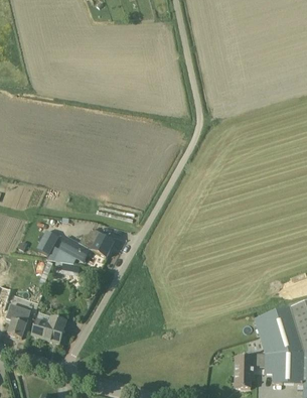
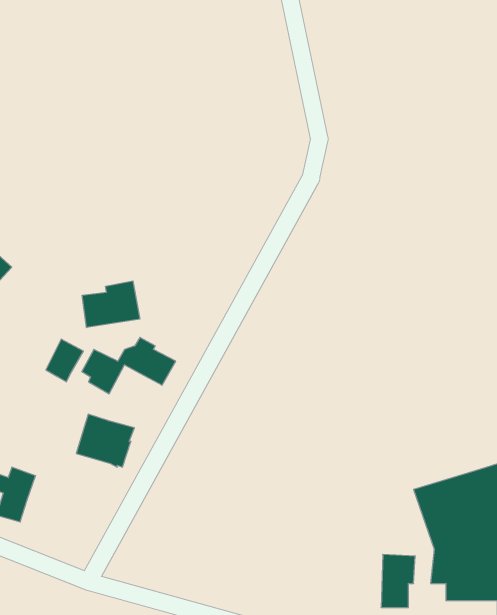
building: none -> [82,281,140,328]
building: [32,311,66,343] -> [76,414,134,467]

